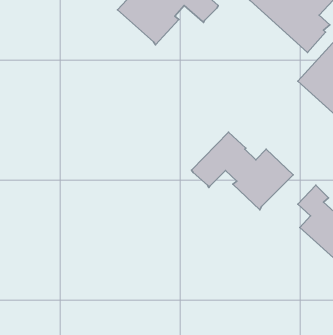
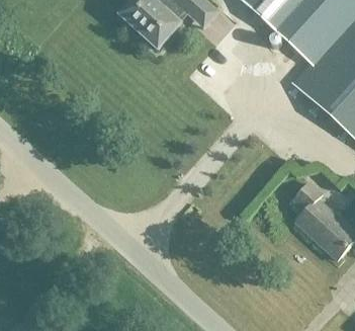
building: [192,132,293,210] -> none

